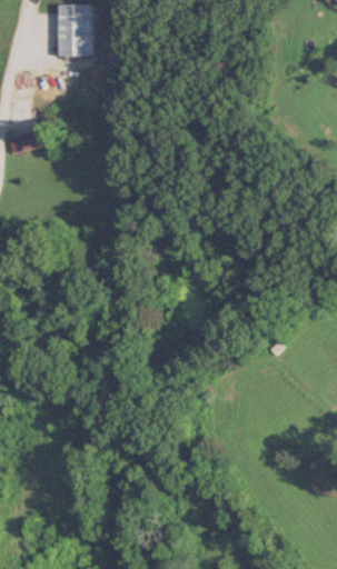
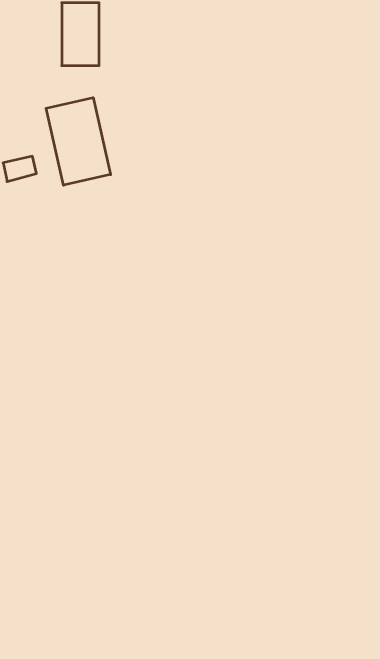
building: none -> [46,98,111,185]

